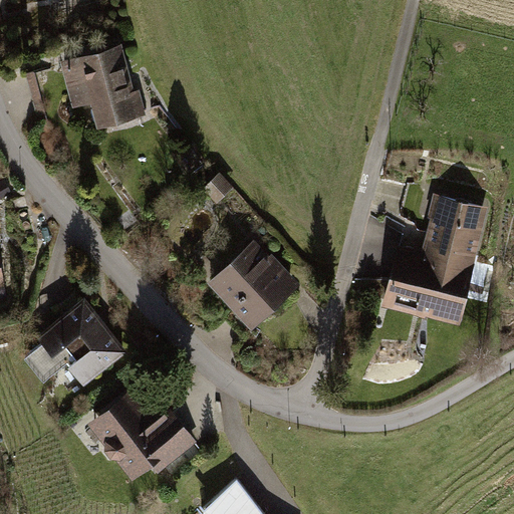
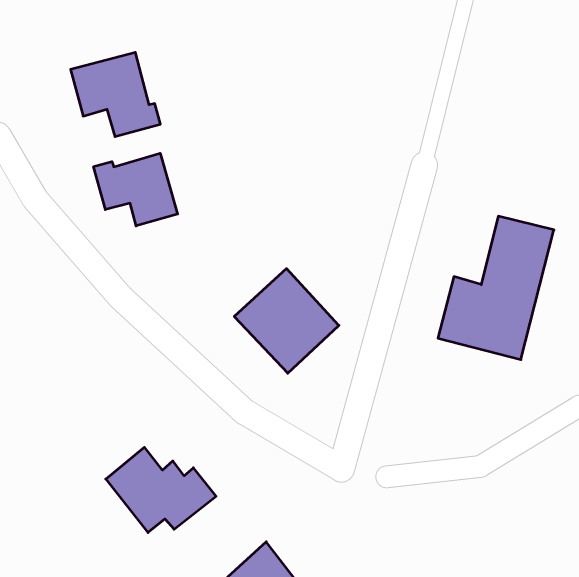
building: none -> [94,153,178,226]
building: [24,294,122,384] -> none

